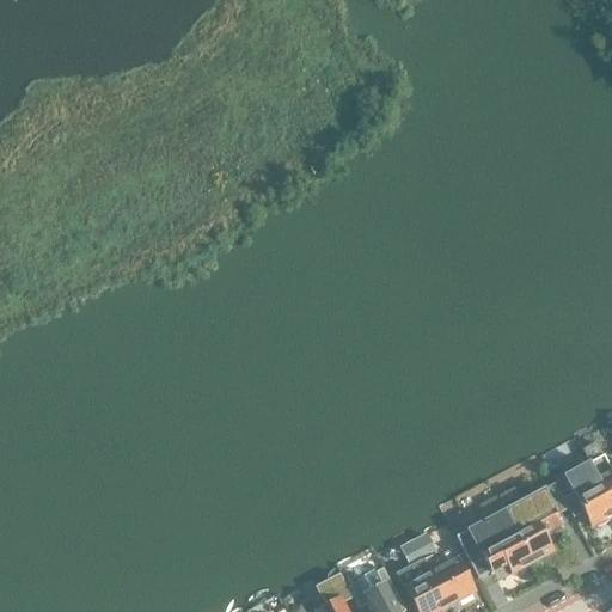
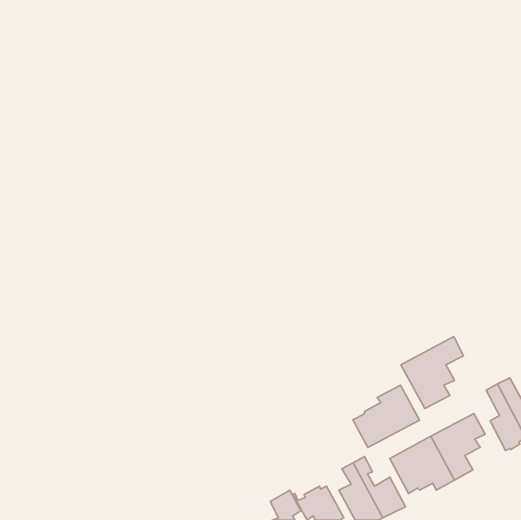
building: none -> [401,336,464,409]
building: none -> [353,385,419,447]

